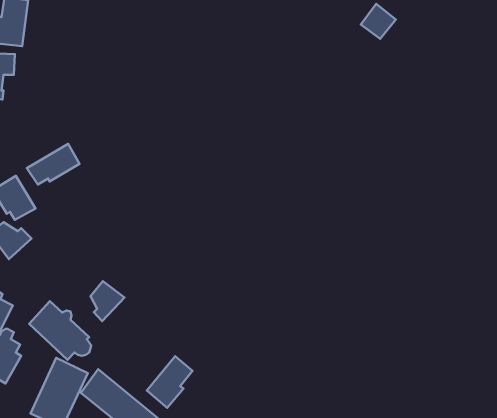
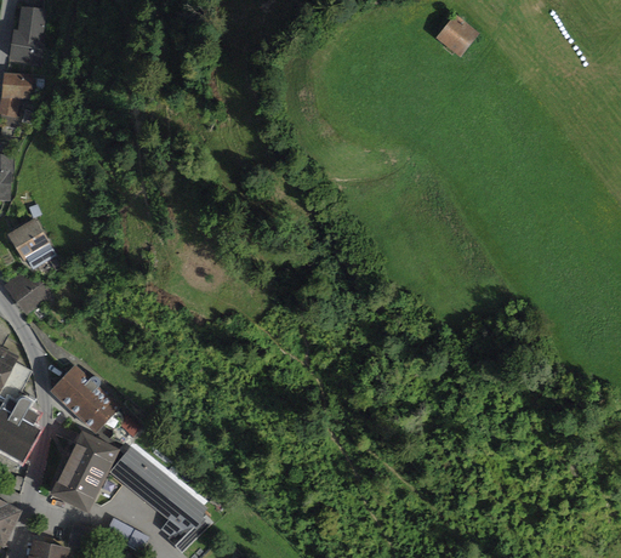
building: [27,144,80,185] -> none
building: [90,281,124,321] -> none
building: [147,356,193,408] -> none

